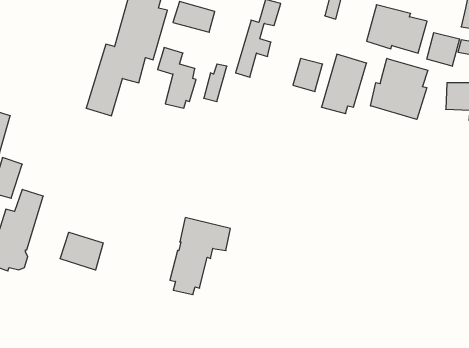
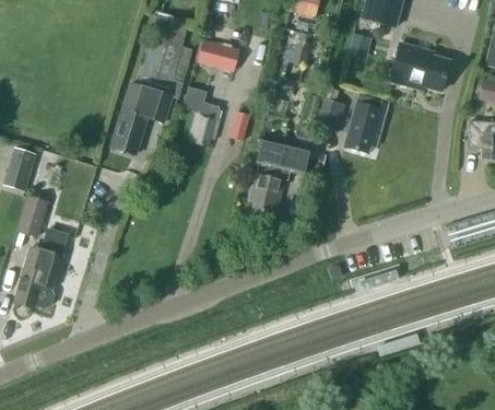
building: [427,33,460,66] -> none
building: [371,58,428,119] -> none
building: [170,218,230,295] -> [247,139,307,215]
building: [60,232,103,270] -> none

